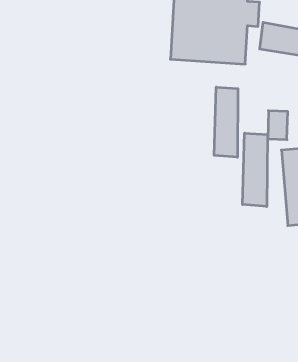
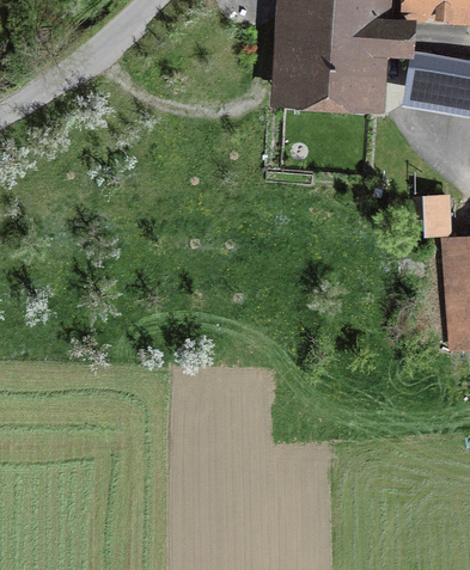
building: [214,87,238,157] -> none
building: [243,133,267,207] -> none

